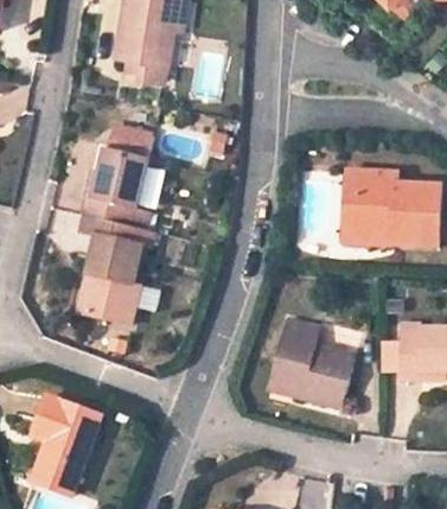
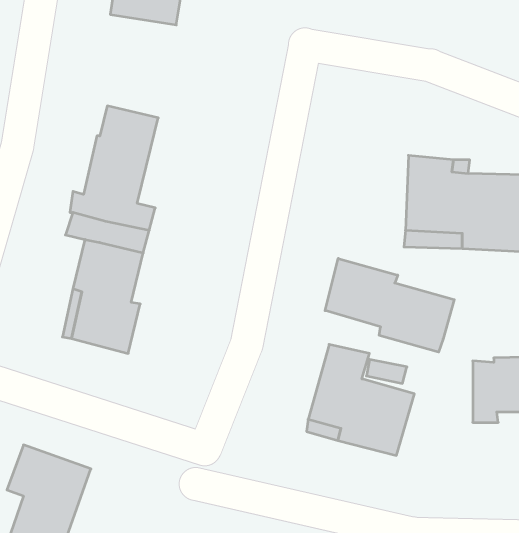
building: none -> [325,258,454,352]

